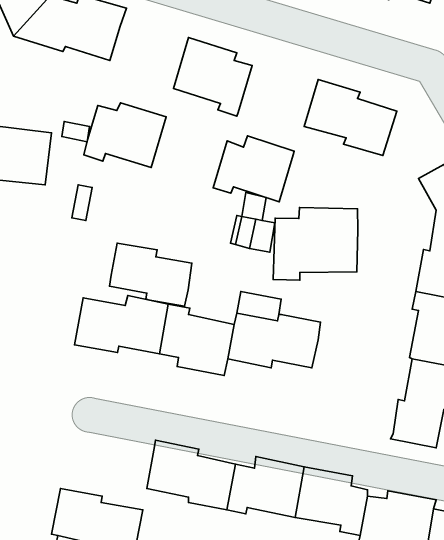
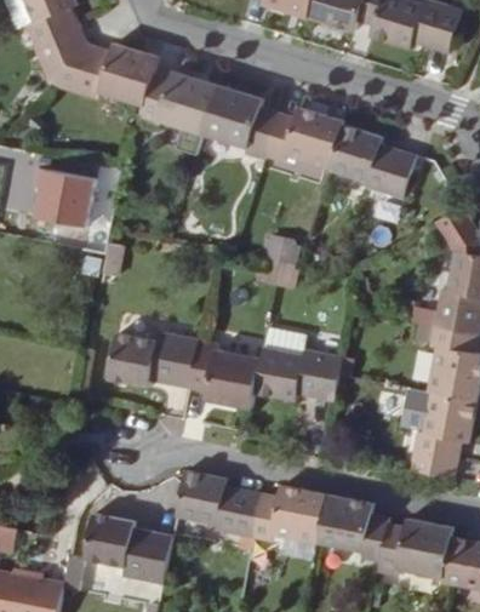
building: [84,103,166,168] -> [139,73,218,135]
building: [213,136,294,202] -> [265,108,343,171]
building: [273,207,358,280] -> none
building: [110,243,192,306] -> none

